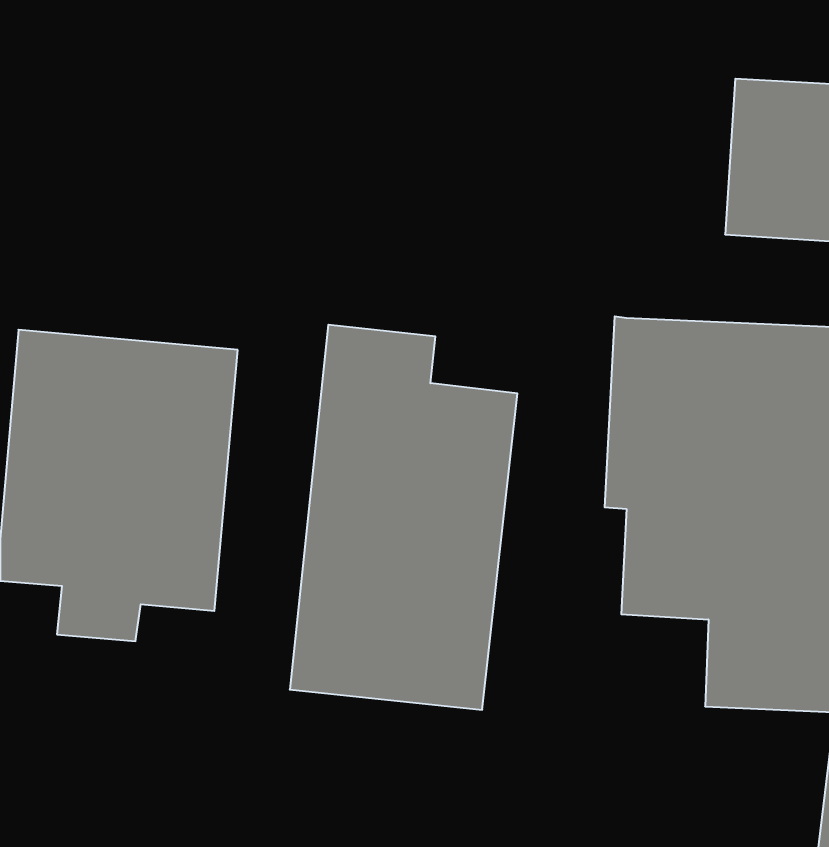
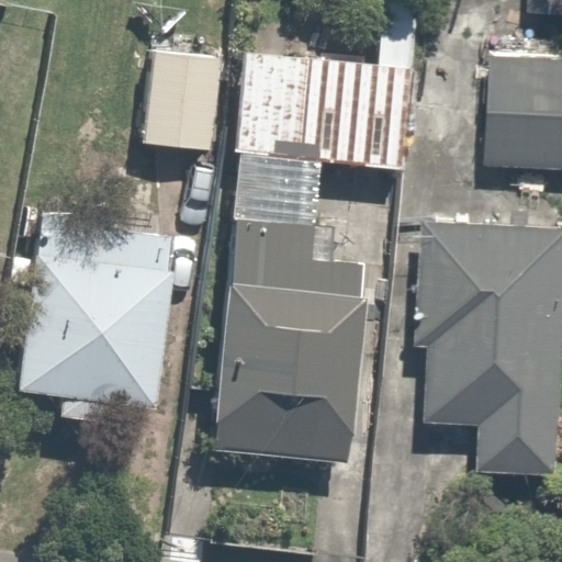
building: none -> [237,29,419,169]
building: none -> [139,53,227,155]

